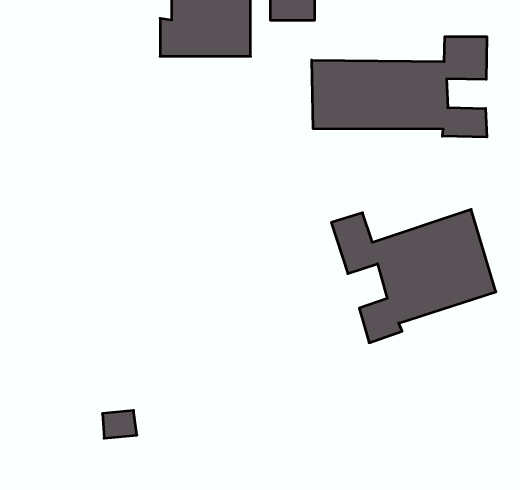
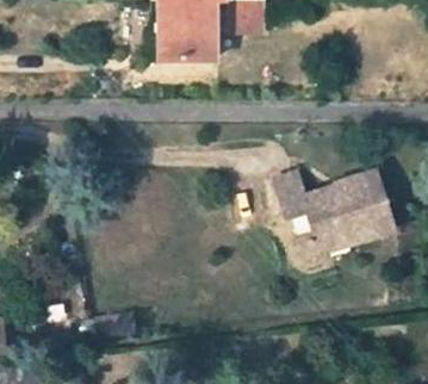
building: [312,37,487,137] -> none

